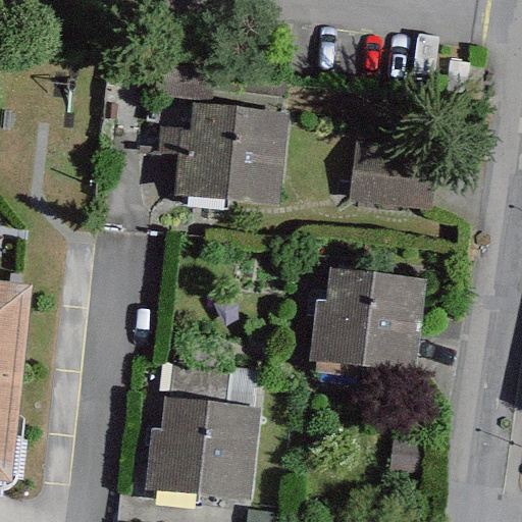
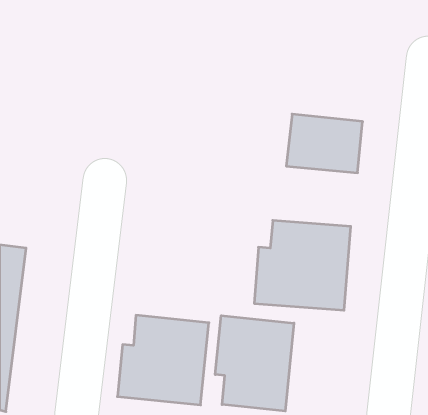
building: [175,100,282,209] -> none
building: none -> [215,316,294,411]

